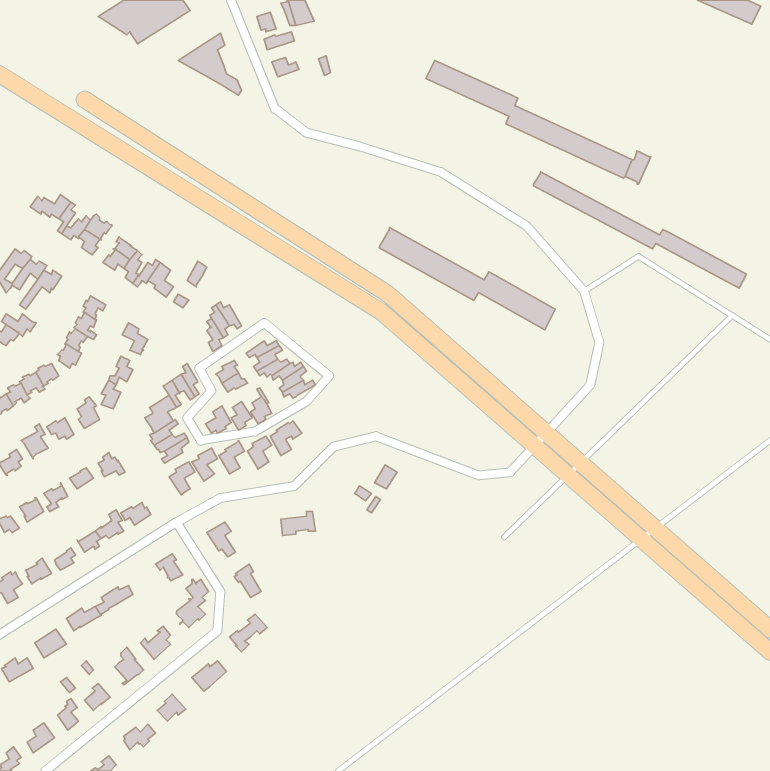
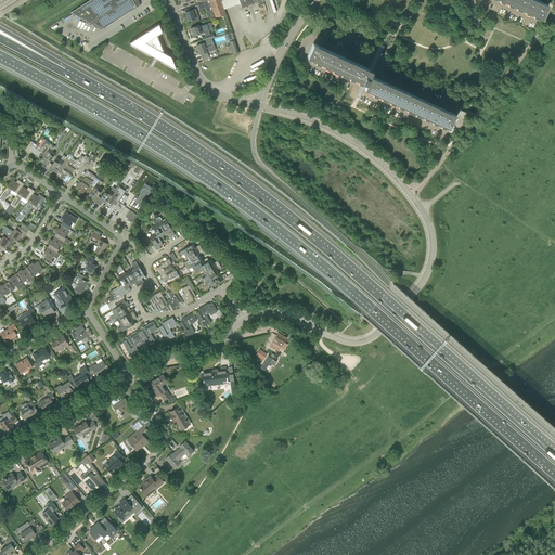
building: [533,172,746,288] -> none
building: [379,227,555,330] -> none

